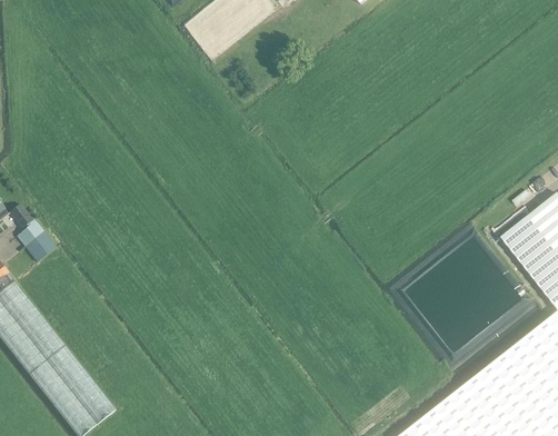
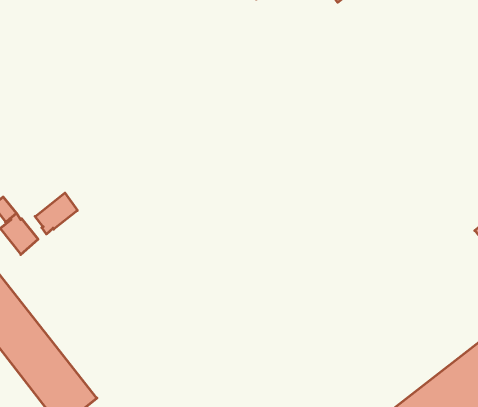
building: none -> [35,193,77,234]

